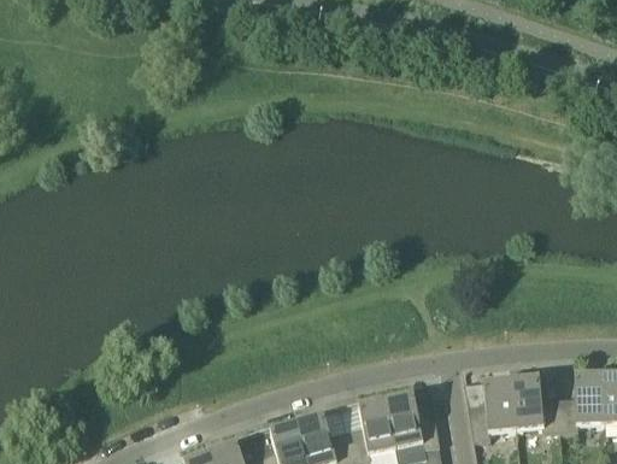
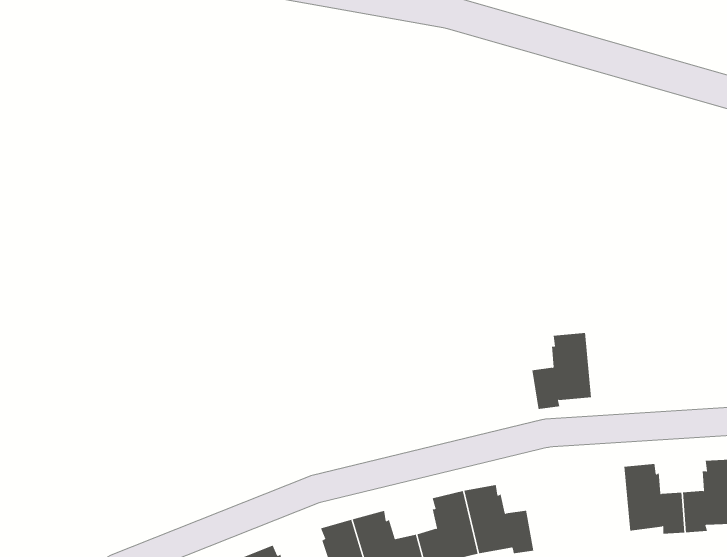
building: [470,377,518,439] -> [532,333,592,409]

